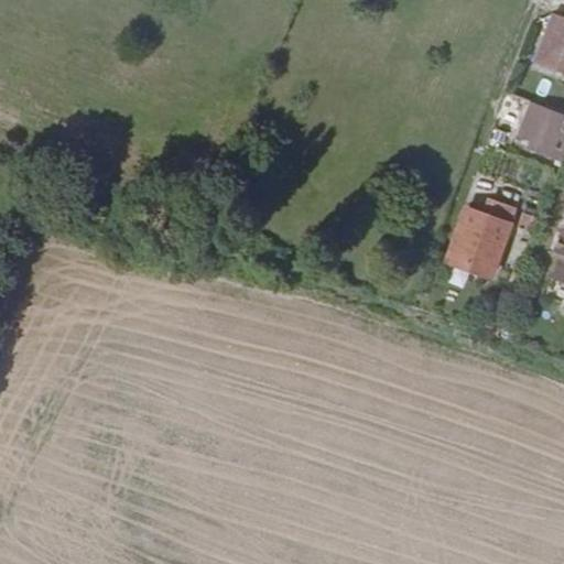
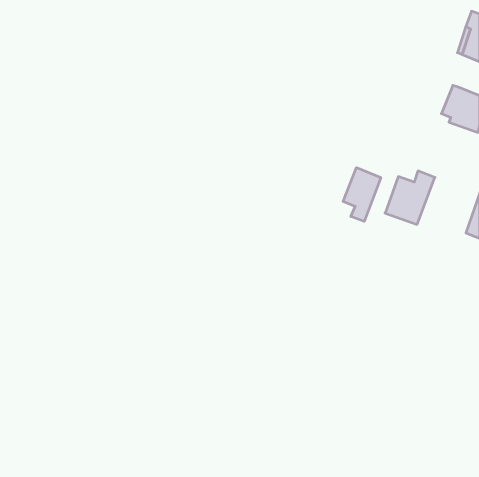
building: none -> [343,168,381,221]

